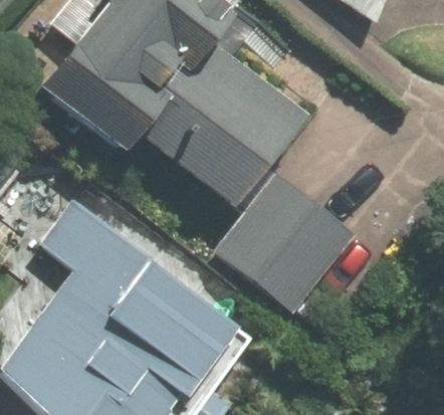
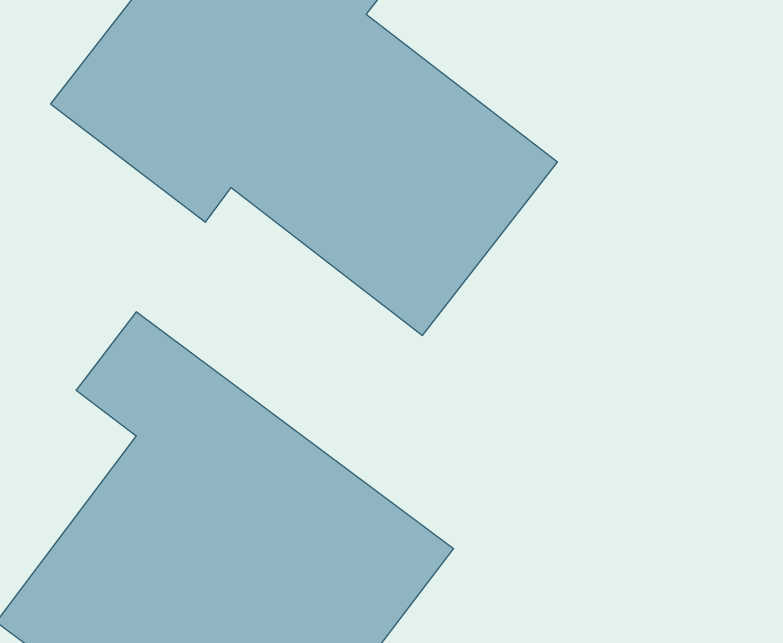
building: [212,172,355,314] -> none

